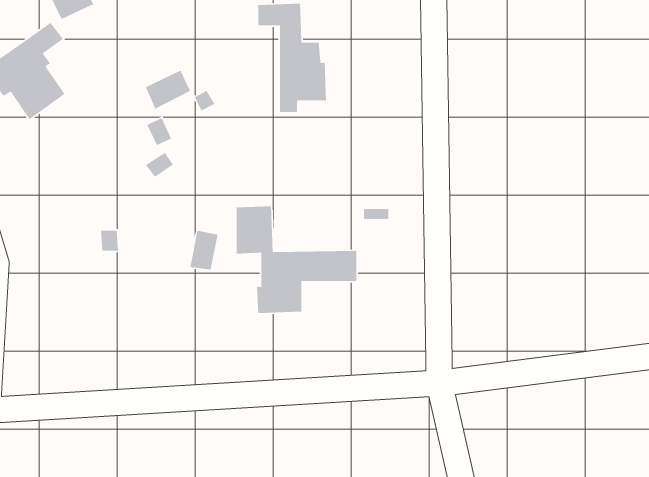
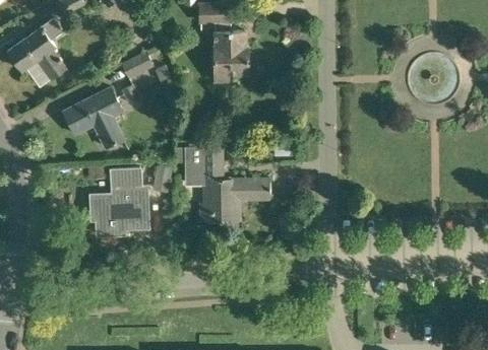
building: none -> [62,89,123,149]
building: none -> [90,170,144,236]

